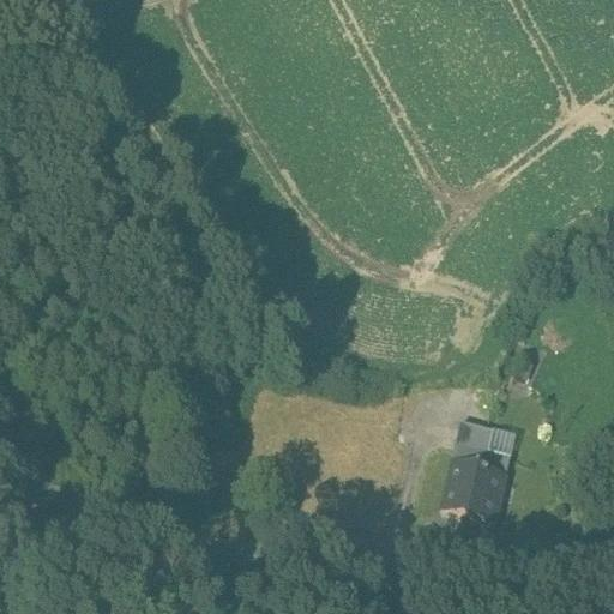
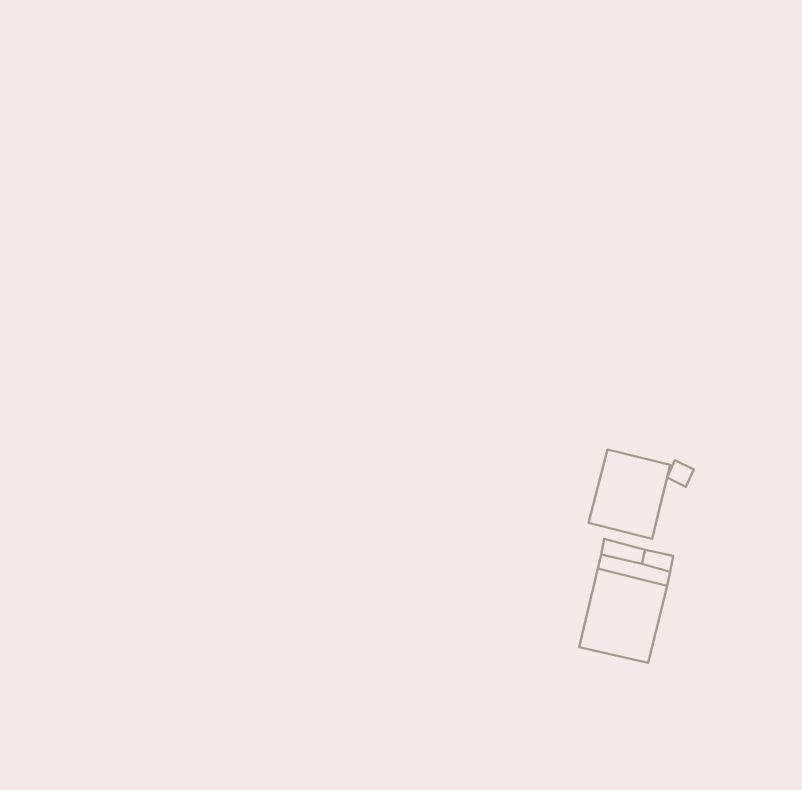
building: none -> [588,450,670,539]

